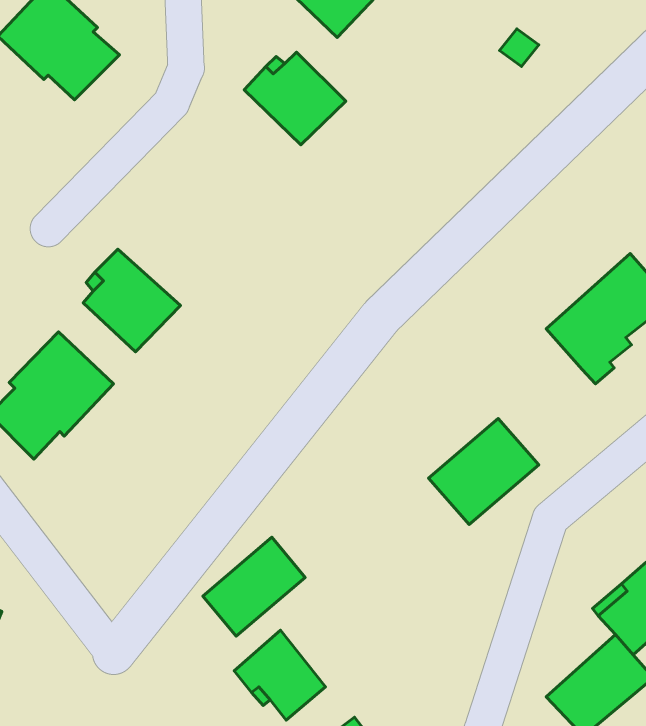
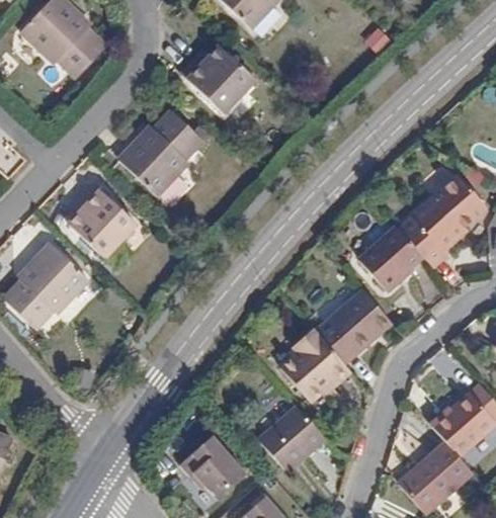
building: none -> [127,100,209,184]
building: none -> [358,232,421,292]
building: none -> [281,334,347,405]
building: [203,537,305,636] -> none
building: none -> [261,413,326,479]

